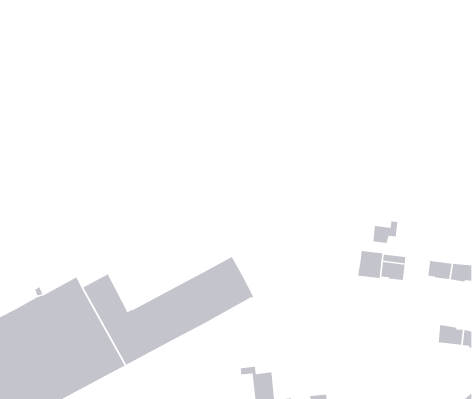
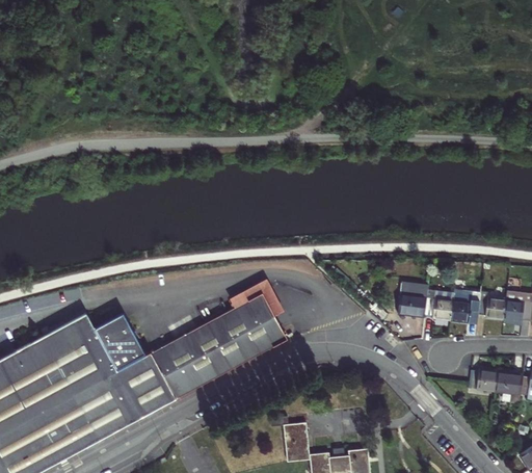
building: [372,221,398,244] -> [453,297,482,323]
building: none -> [228,279,282,316]
building: none -> [468,368,494,391]

